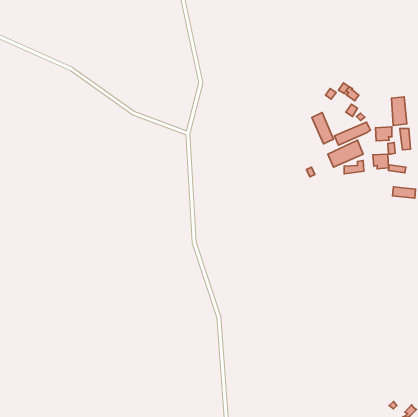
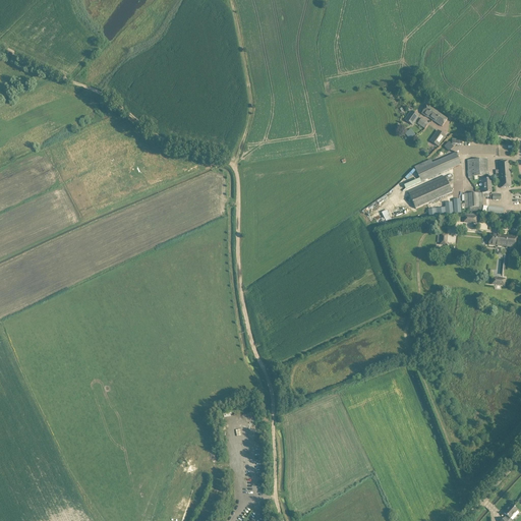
building: [391,97,407,125] -> none
building: [312,112,334,144] -> none

